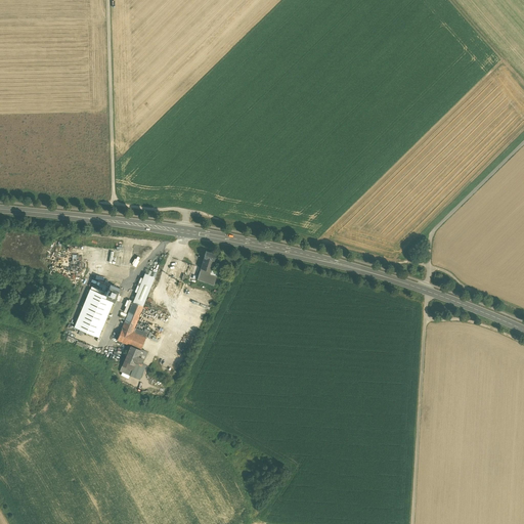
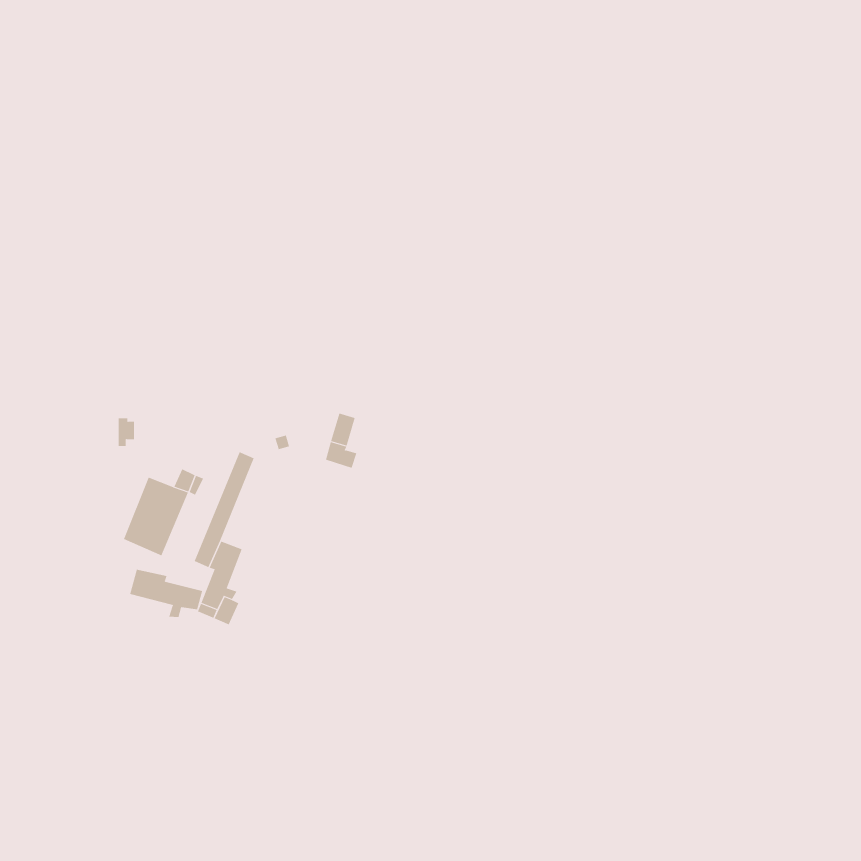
building: none -> [129,569,203,618]

